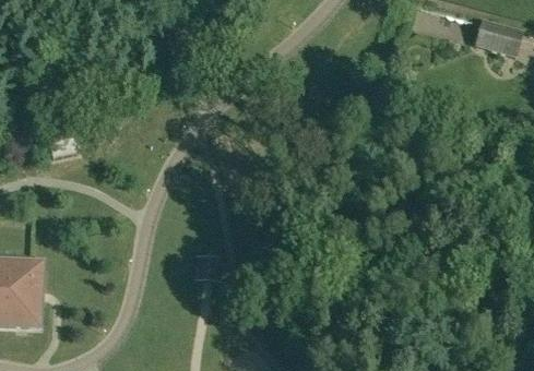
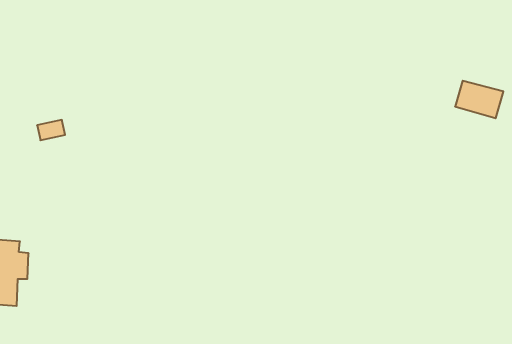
building: [474,19,523,57] -> [455,81,503,118]

